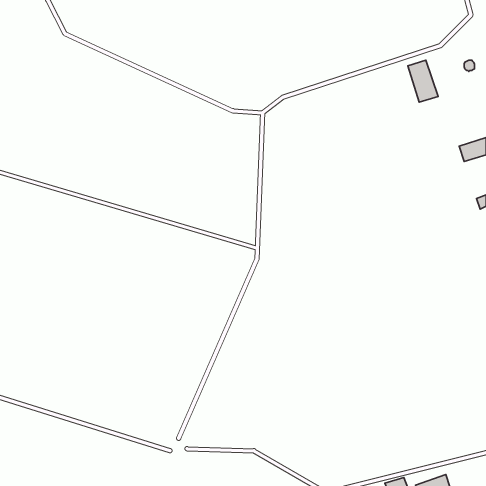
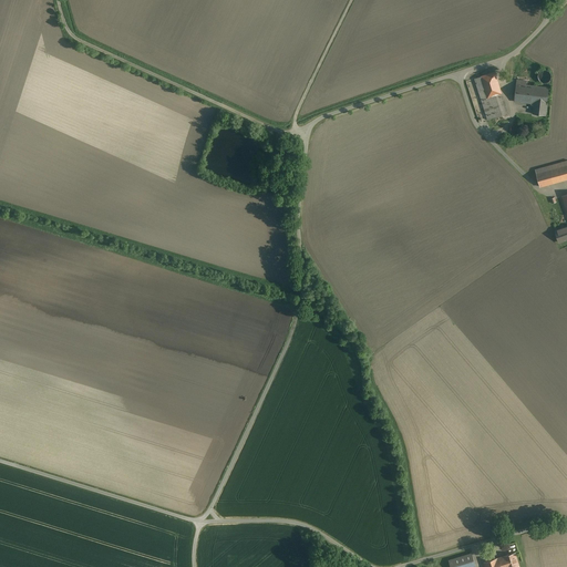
building: none -> [514,80,549,118]

